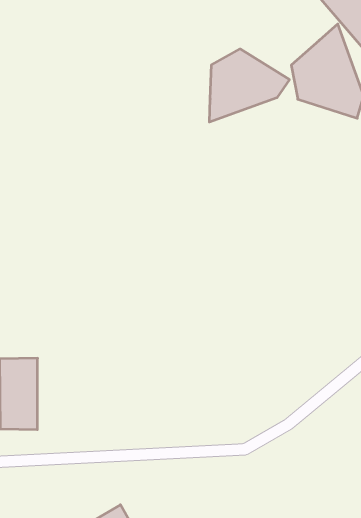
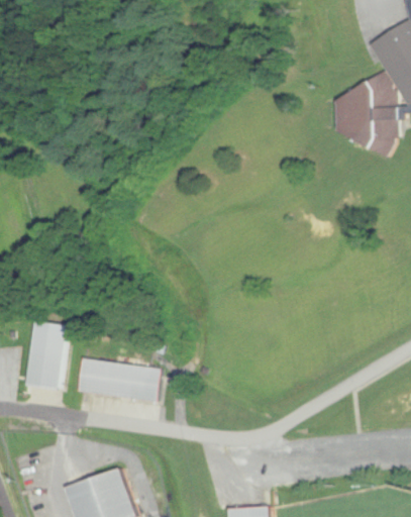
building: [209,49,289,122] -> none
building: none -> [77,358,161,404]

